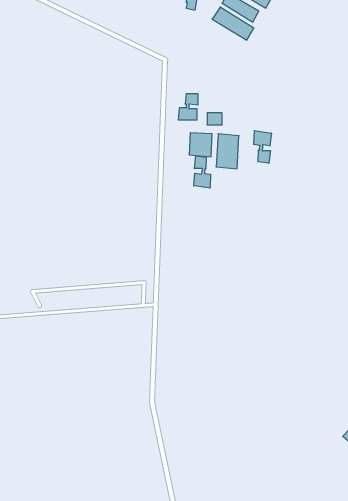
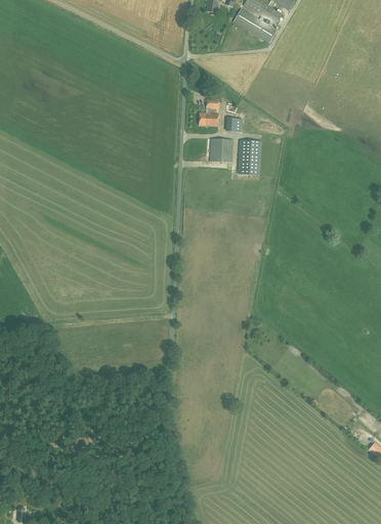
building: [254,131,271,163] -> none
building: [194,156,211,188] -> none

